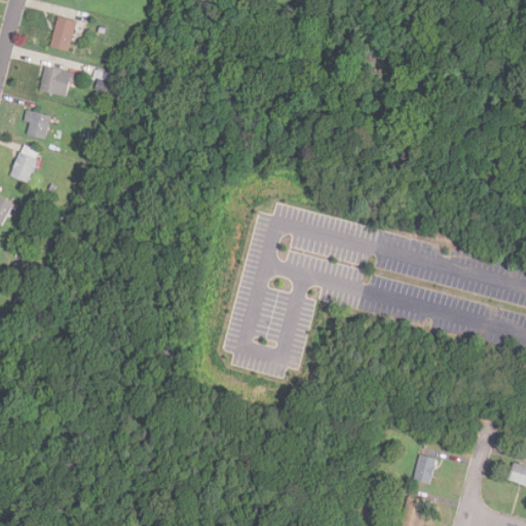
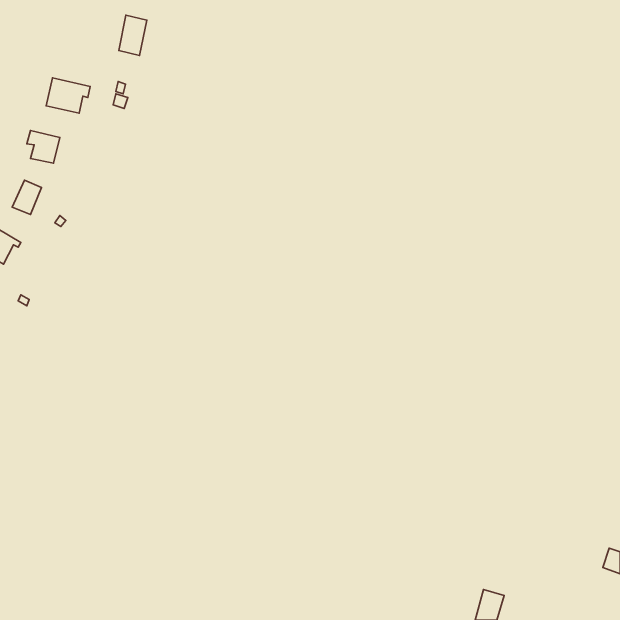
building: [50,16,74,50] -> [119,15,147,55]
building: [413,454,437,484] -> none

